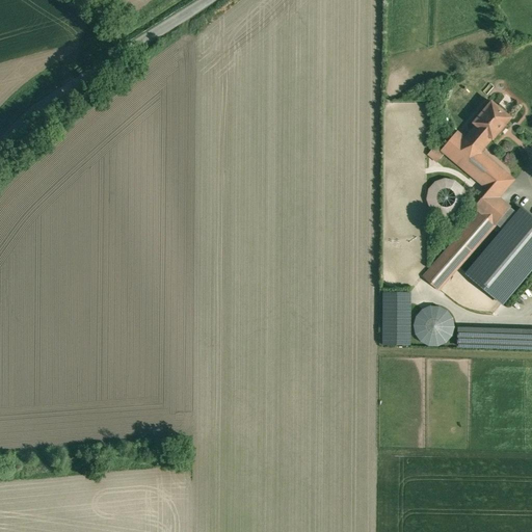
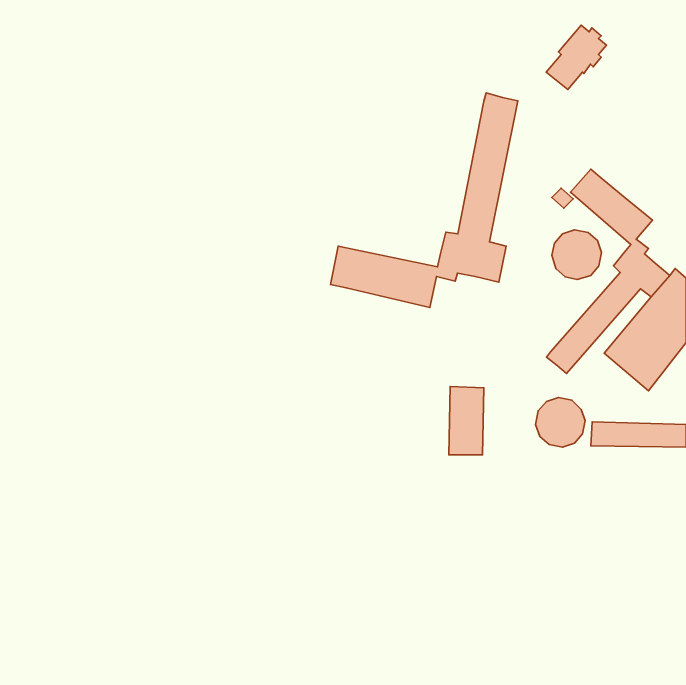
building: none -> [331,93,518,307]
building: [464,101,511,151] -> [546,25,607,90]
building: [383,291,410,344] -> [449,386,484,455]

